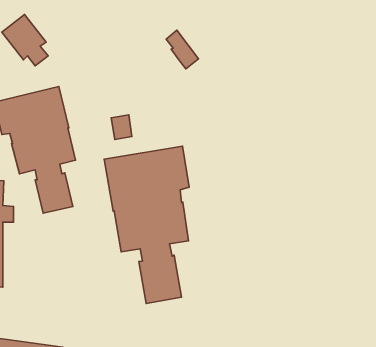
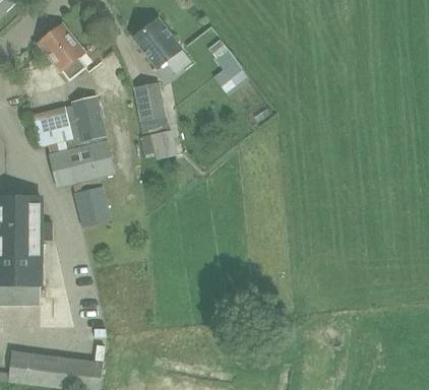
building: none -> [134,17,191,72]
building: none -> [135,83,166,119]
building: [104,146,189,304] -> none

